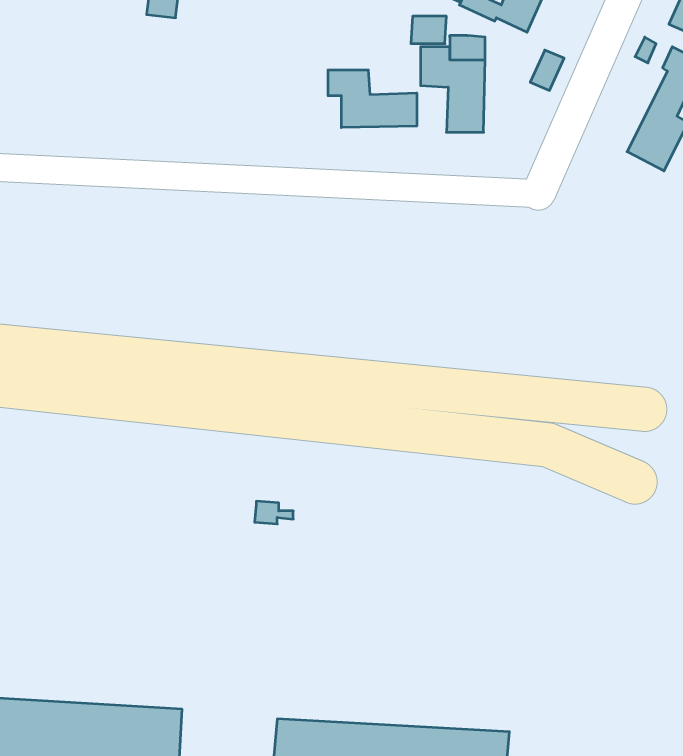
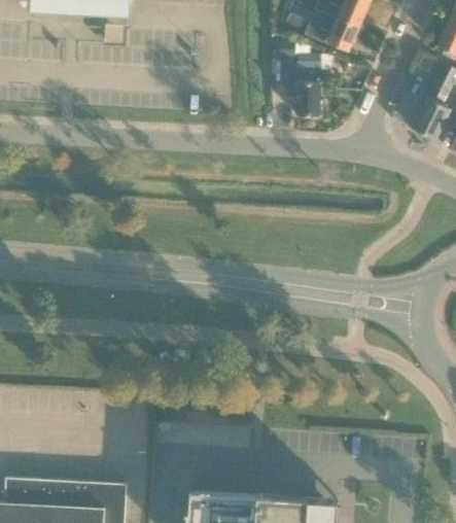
building: [328,70,417,128] -> none

